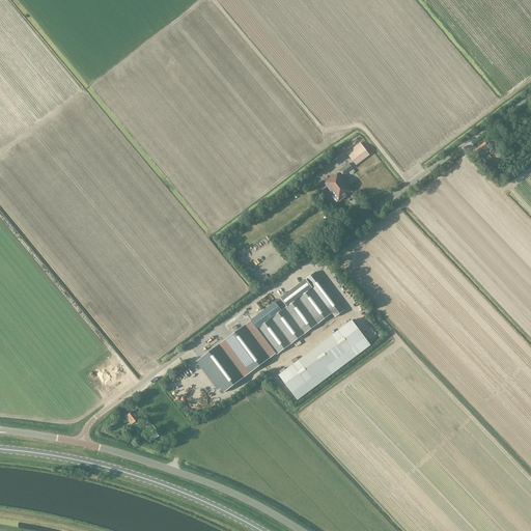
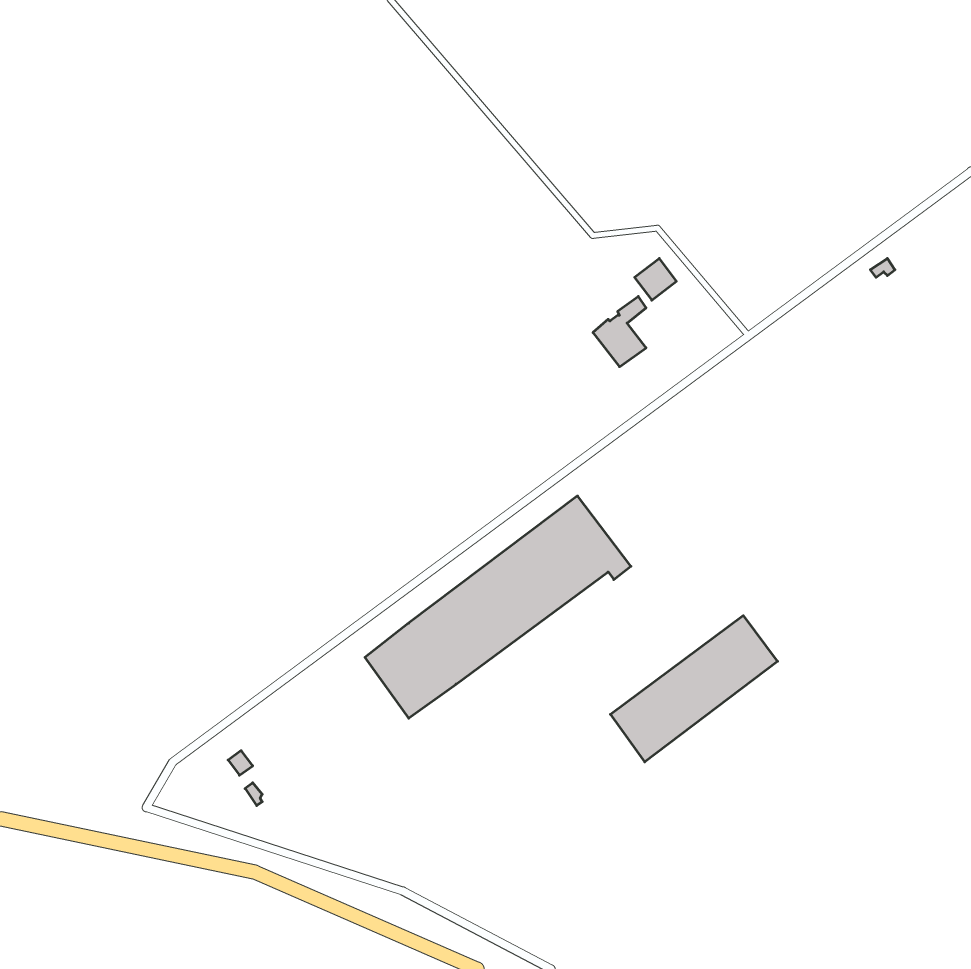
building: [279,319,370,399] -> [610,616,778,762]

